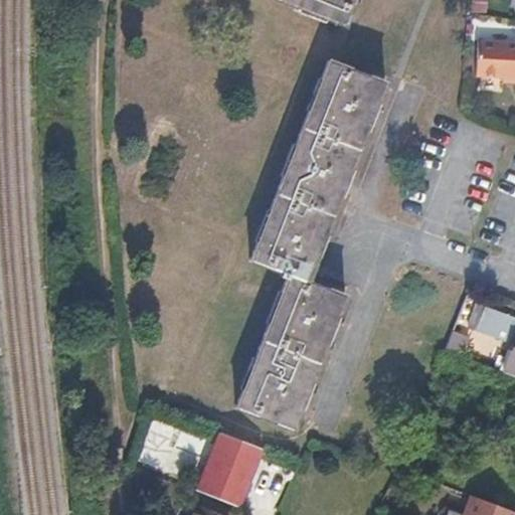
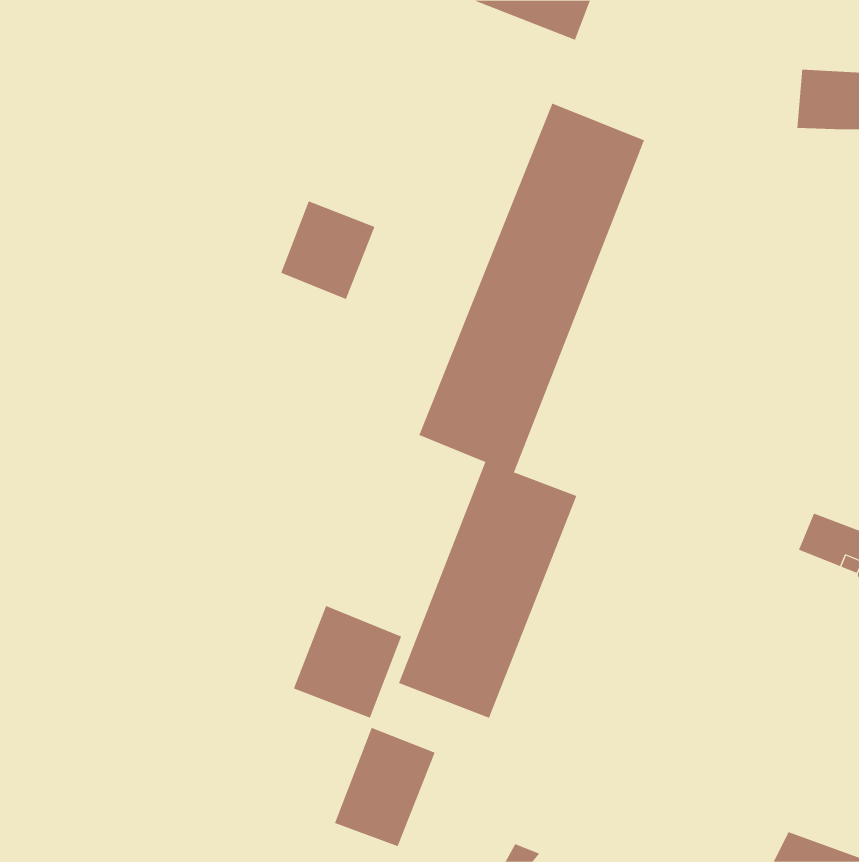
building: none -> [281,201,375,300]
building: none -> [293,605,402,719]

